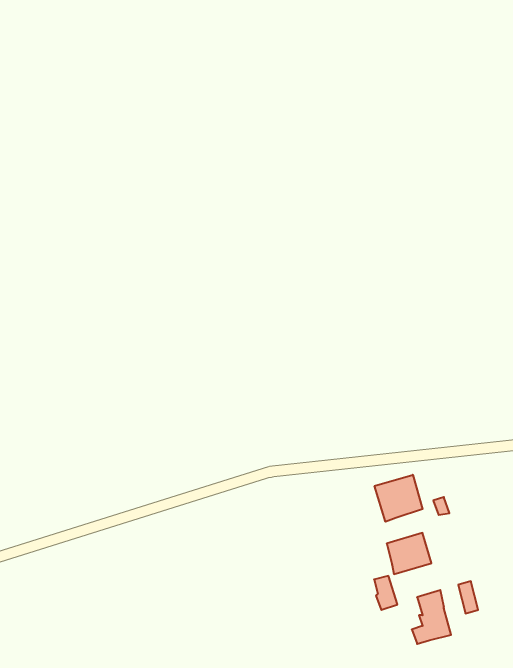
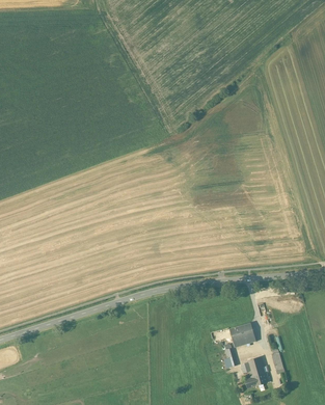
building: [375,475,423,522] -> none

